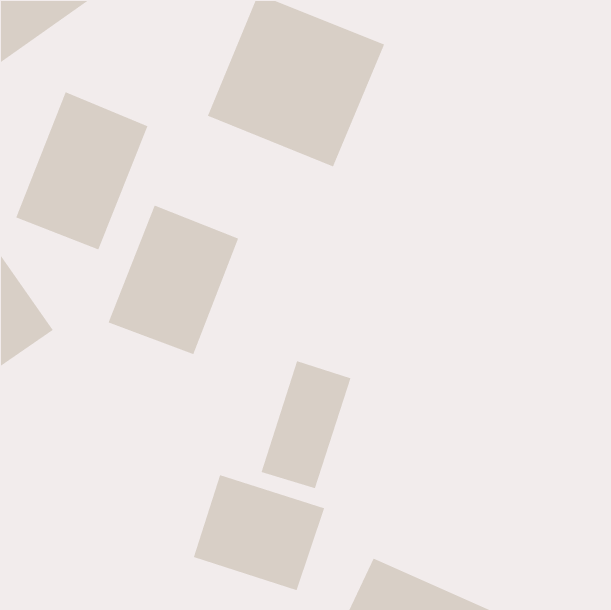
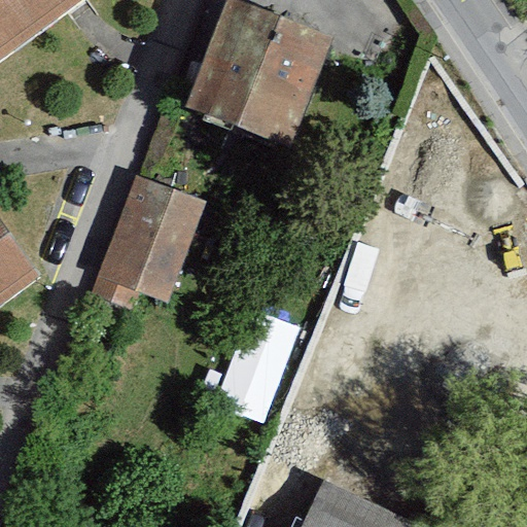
building: [15,91,148,251] -> none
building: [193,474,325,591] -> none

